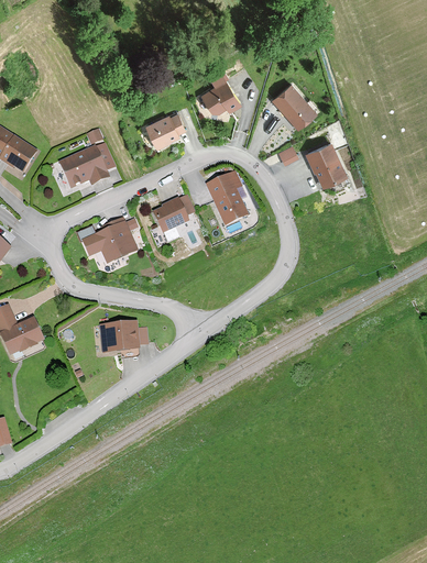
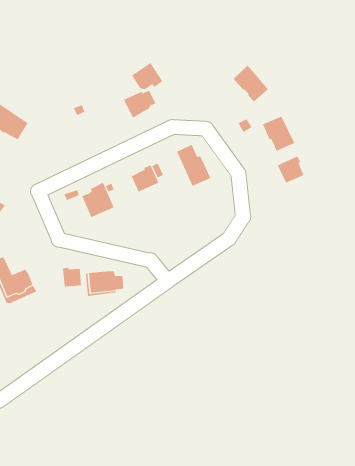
building: [202,78,240,110] -> [131,62,163,90]
building: [58,147,108,188] -> none
building: none -> [277,156,304,184]
building: none -> [63,267,82,288]

